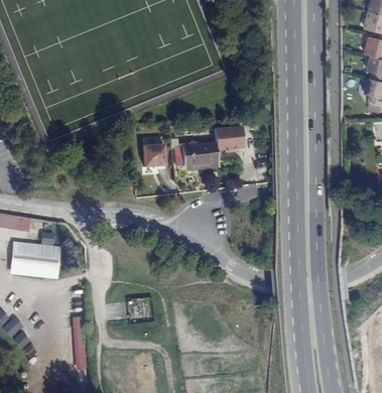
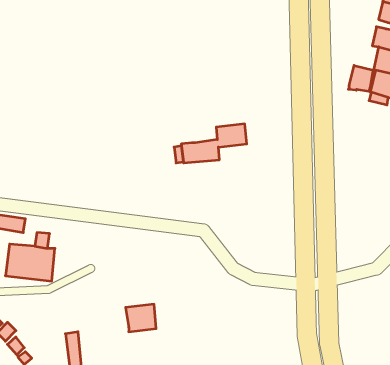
building: none -> [348,65,373,91]
building: [141,145,162,166] -> none

